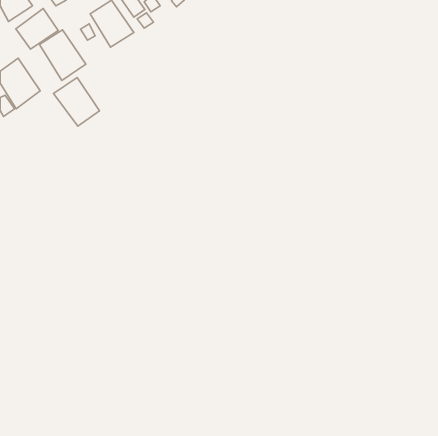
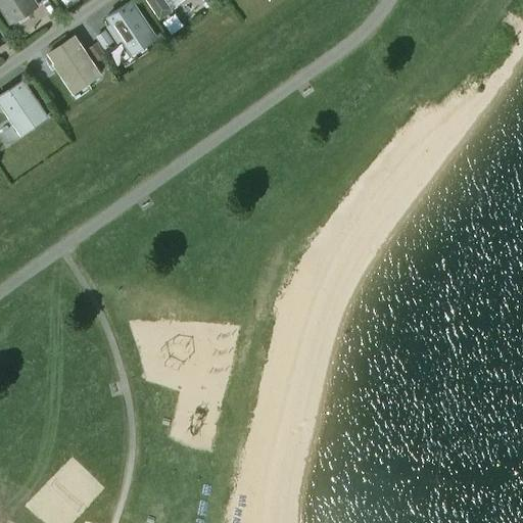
building: [16,8,58,49] -> none
building: [54,78,99,126] -> none

